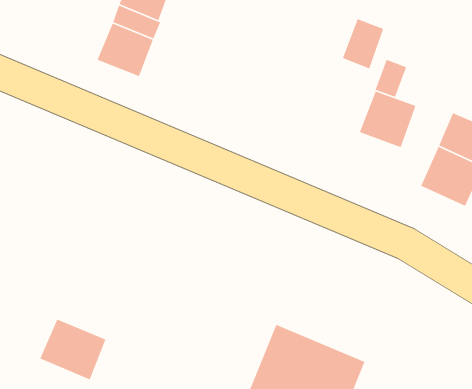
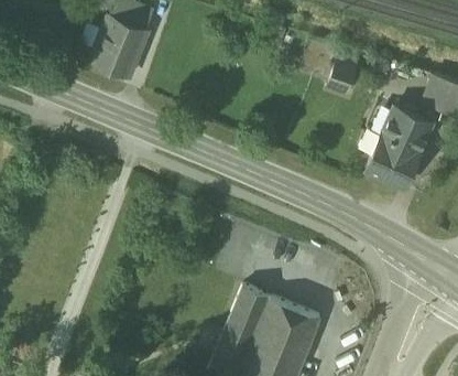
building: [342,18,384,70] -> none
building: [359,91,417,148] -> none
building: [39,319,107,380] -> none

